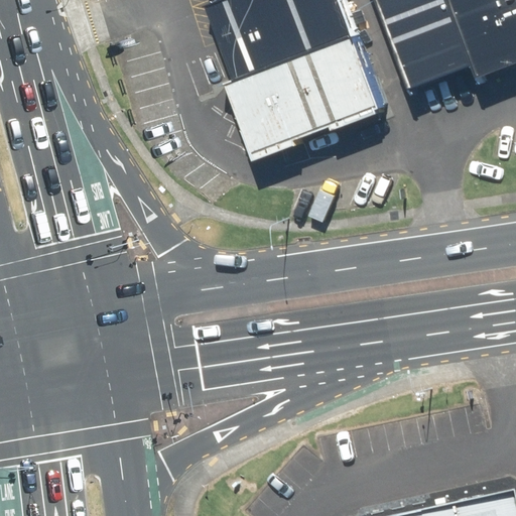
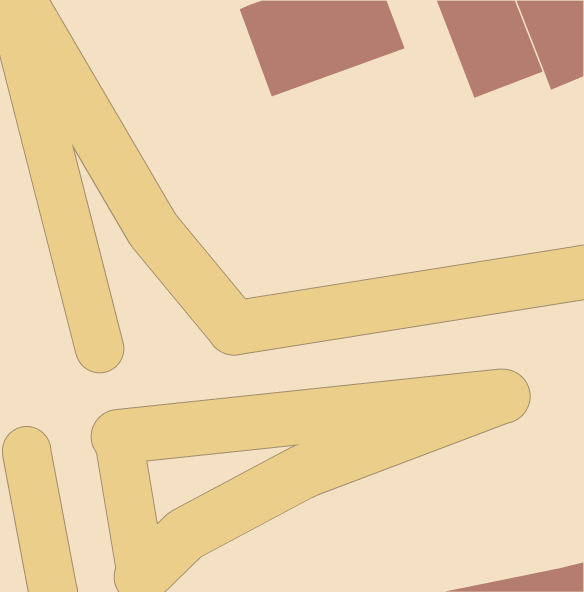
building: [230,42,378,156] -> none

